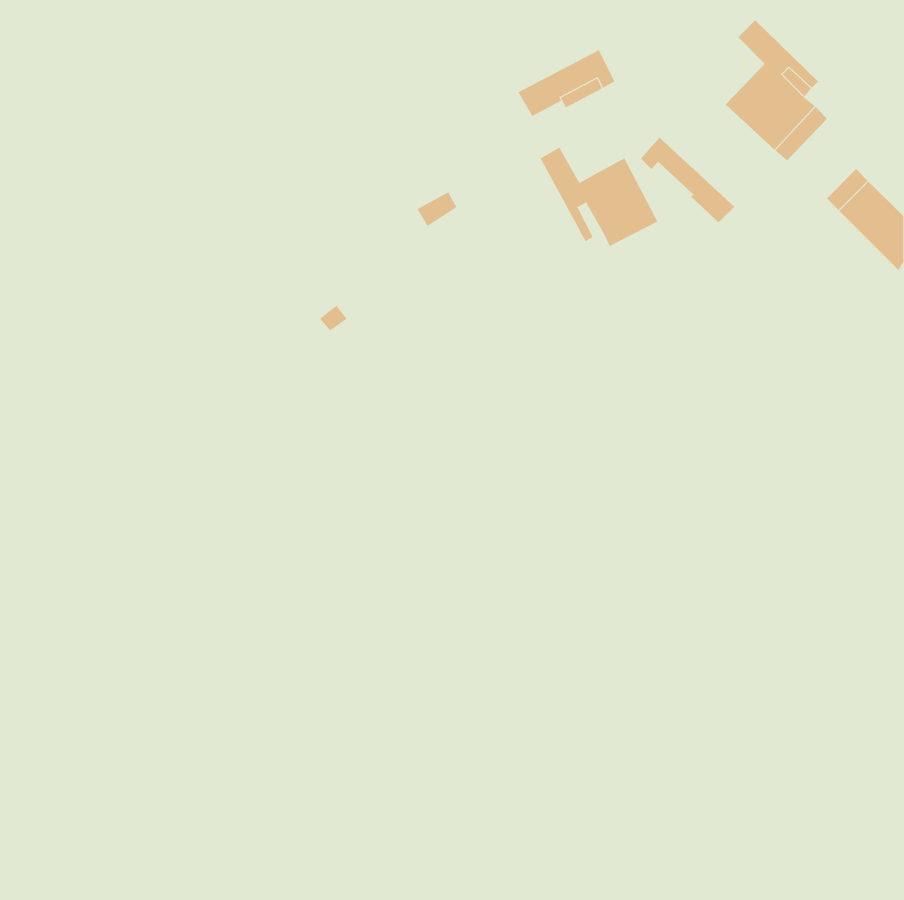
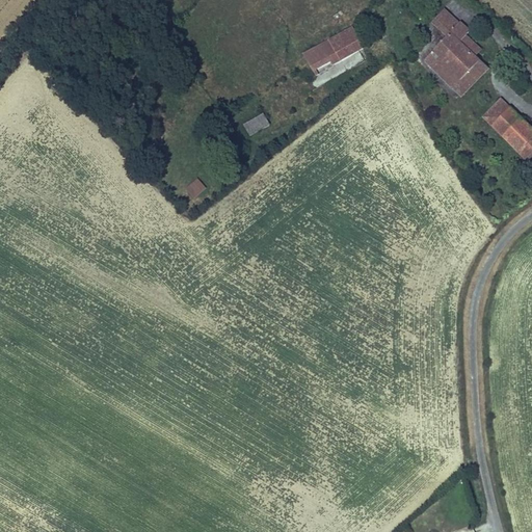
building: [640,137,735,223] -> none
building: [540,147,658,247] -> none

